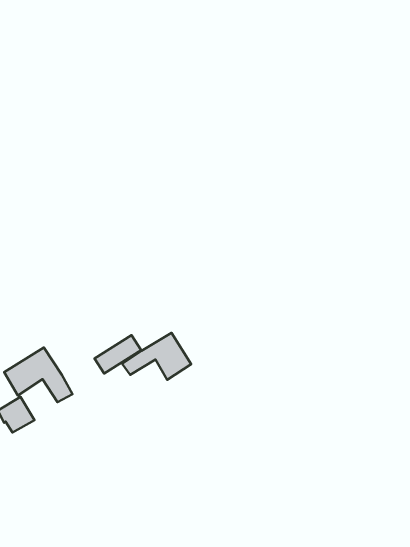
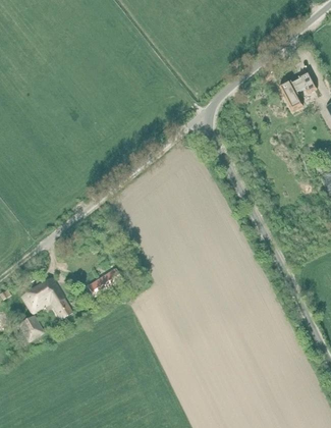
building: none -> [279,71,318,110]
building: [122,333,191,380] -> none

